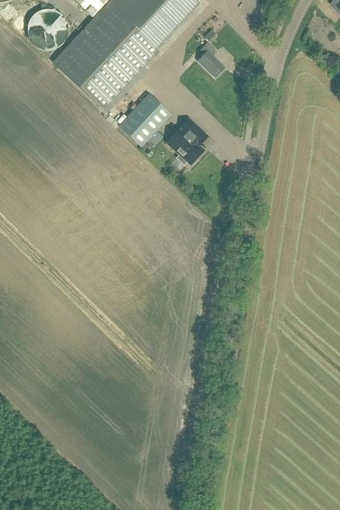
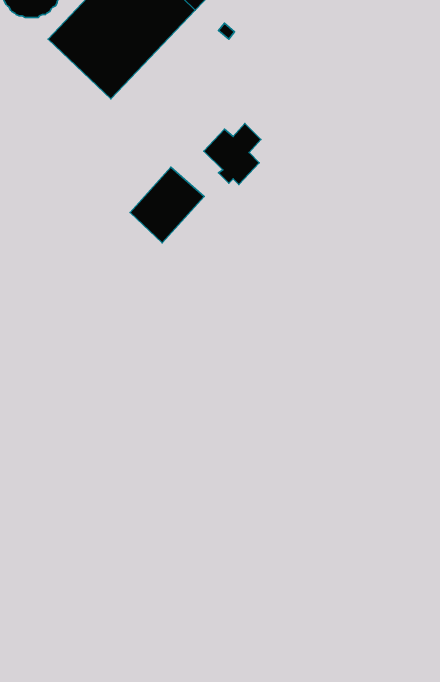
building: [195,40,224,76] -> none
building: [118,92,169,144] -> [130,167,204,243]

